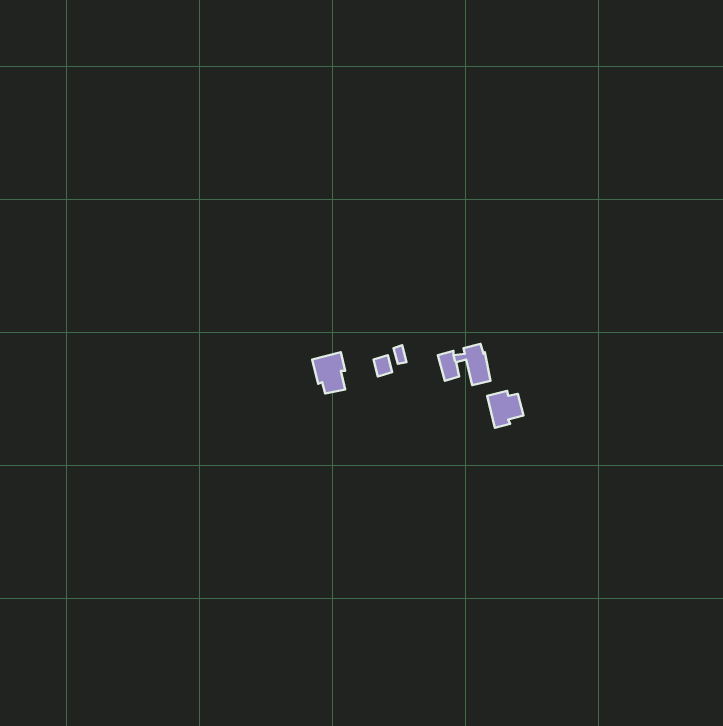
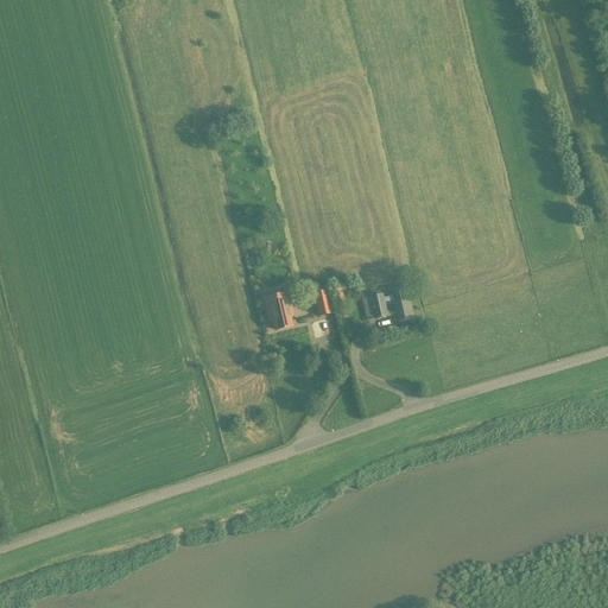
building: [487,391,524,428] -> none

